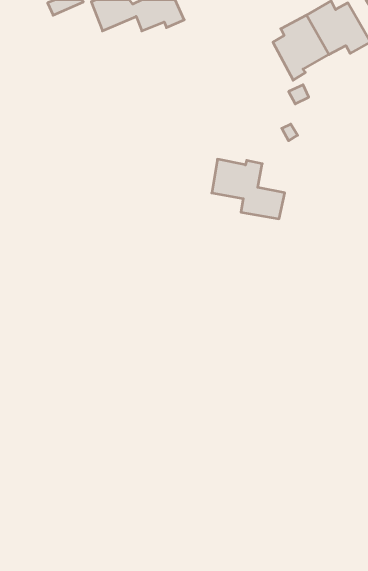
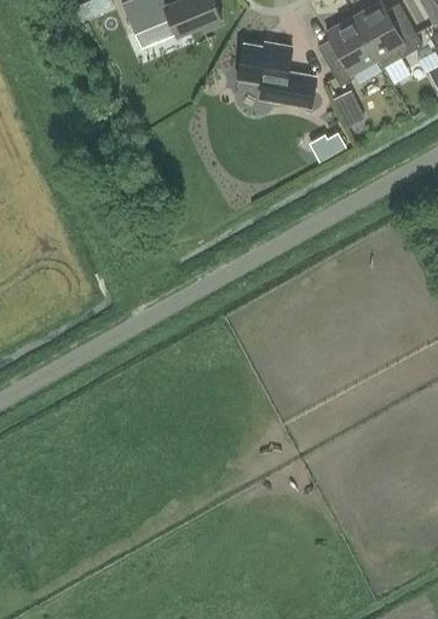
building: [212,159,285,219] -> [237,42,316,106]

